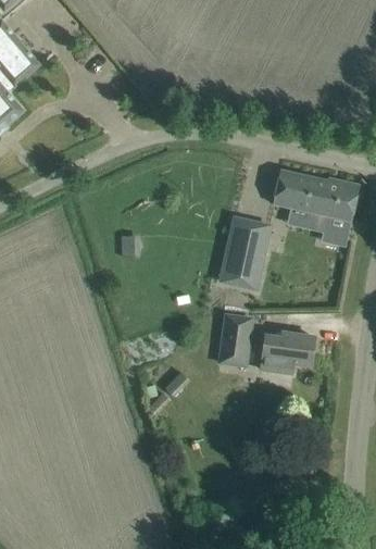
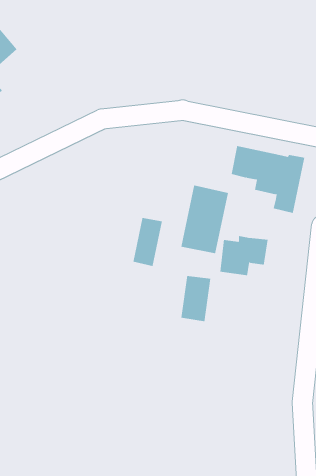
building: none -> [133,217,162,267]
building: [261,332,315,376] -> [219,236,268,276]

